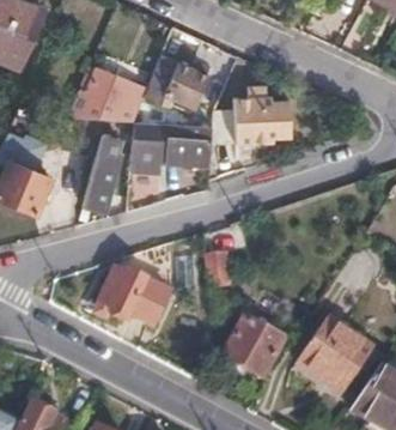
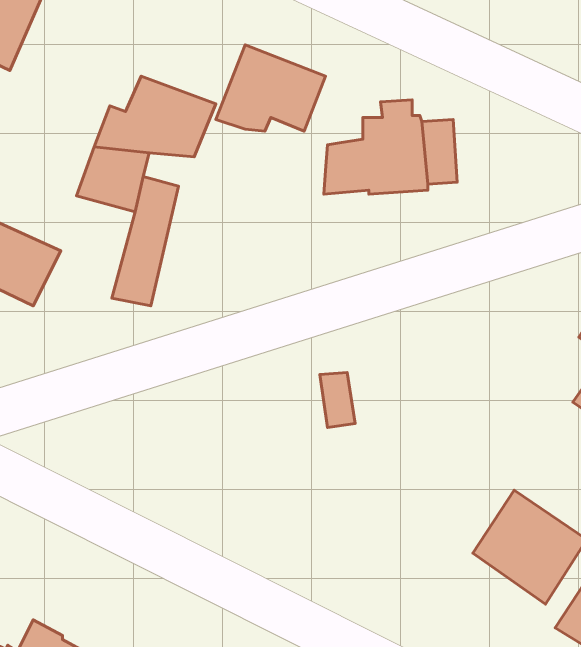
building: [132,121,212,165] -> none
building: [103,268,167,323] -> none
building: [223,315,285,375] -> none

